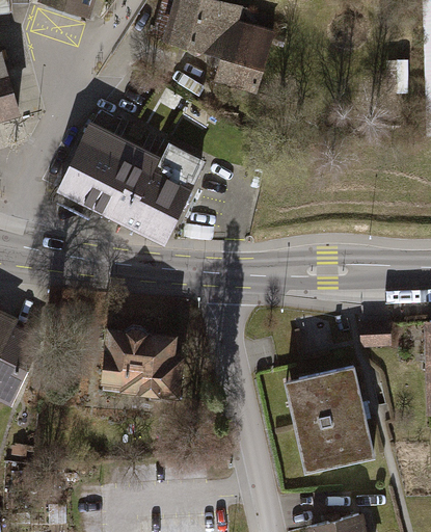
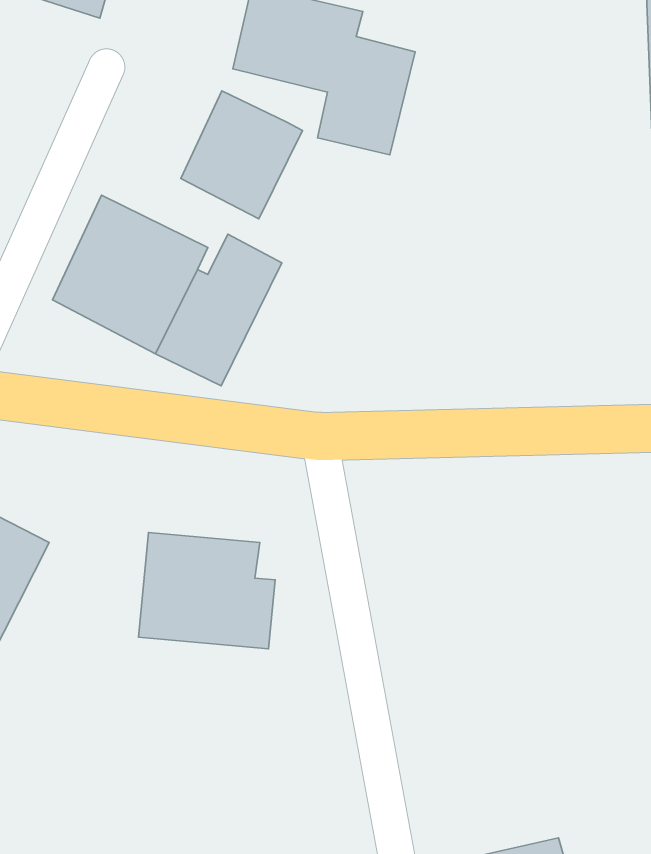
building: none -> [181,91,302,219]
building: [286,368,384,475] -> none

